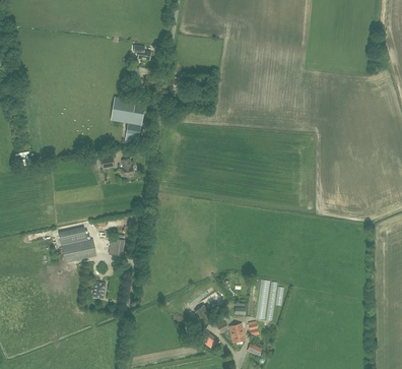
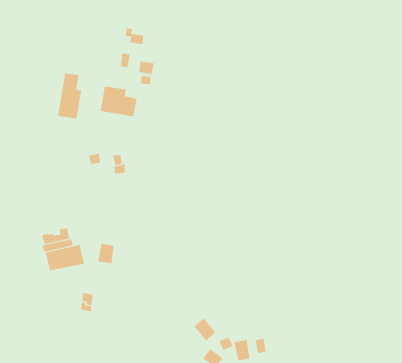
building: none -> [58,73,82,119]

